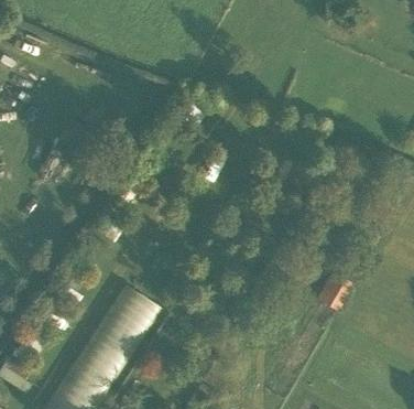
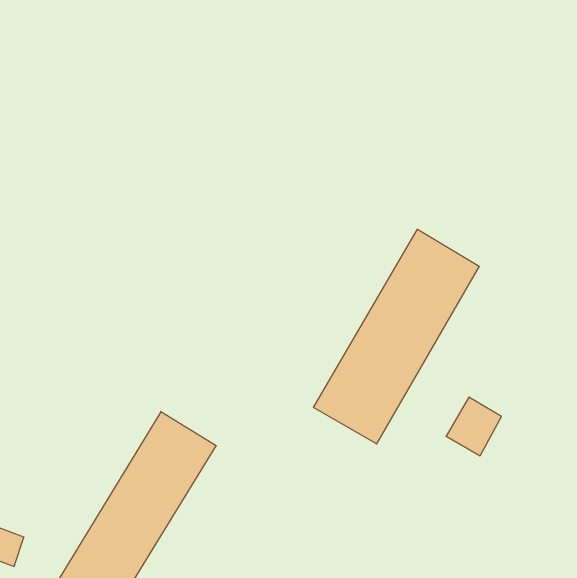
building: none -> [313,229,479,444]

